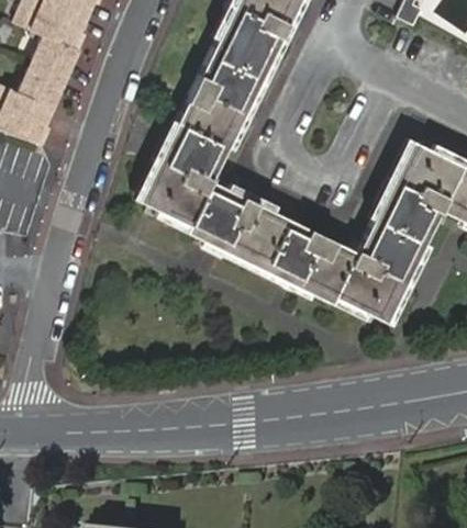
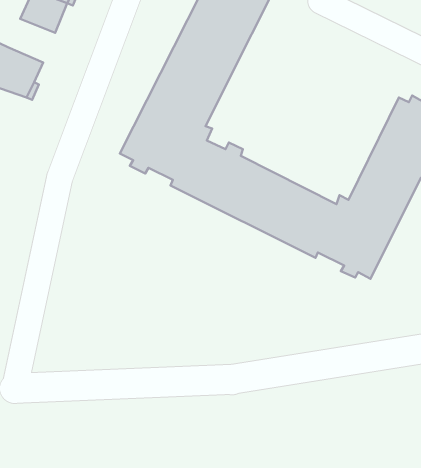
building: [22,63,69,106] -> none

